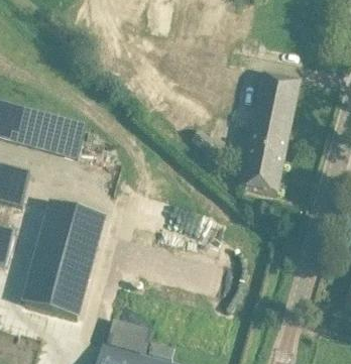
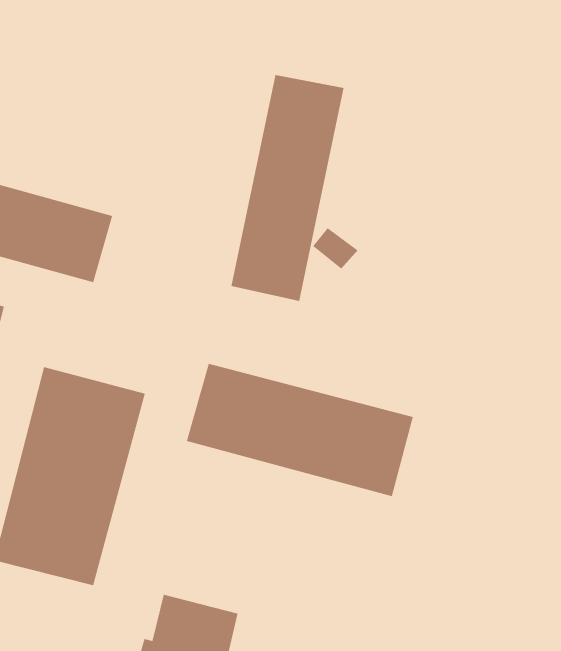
building: [240,77,300,196] -> [230,74,344,302]
building: none -> [186,363,414,497]

